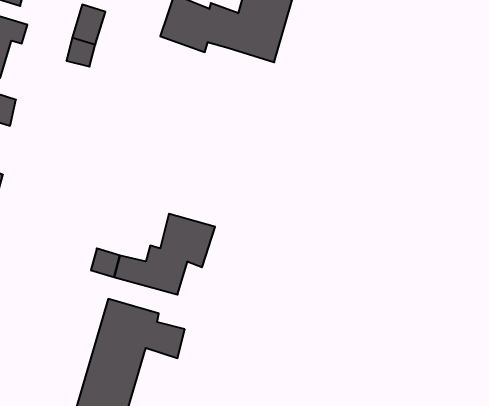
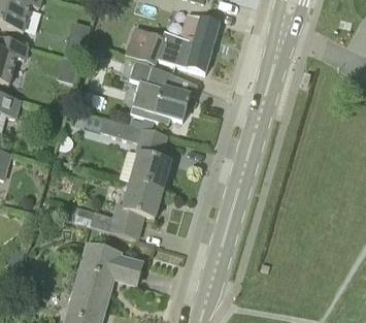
building: none -> [127,63,190,123]
building: none -> [99,116,170,190]

